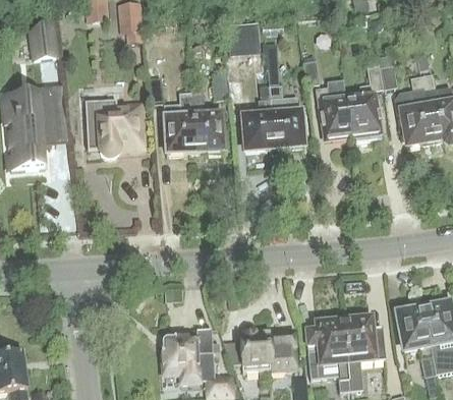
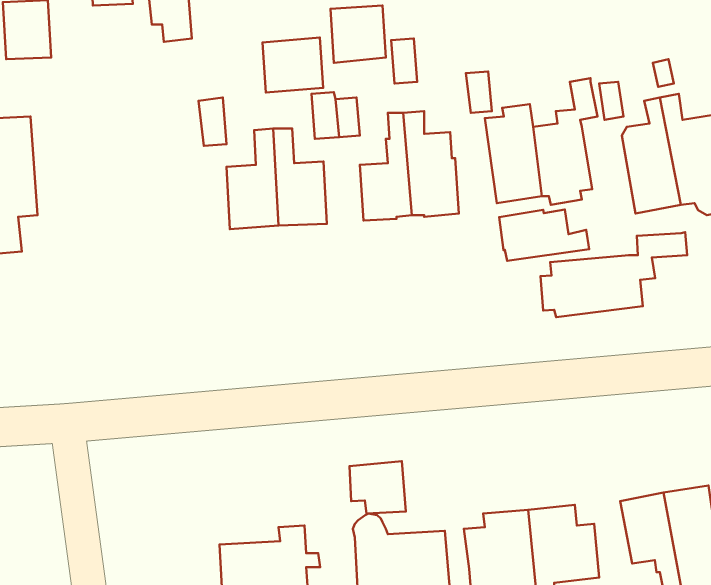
building: none -> [263,38,323,92]
building: [86,104,141,157] -> none
building: none -> [499,210,589,261]
building: none -> [540,232,687,317]
building: none -> [349,461,406,513]

